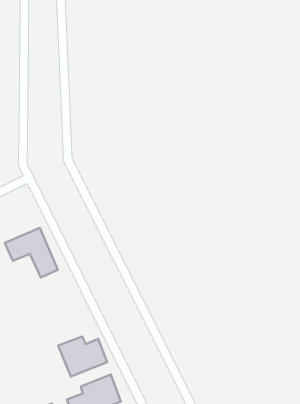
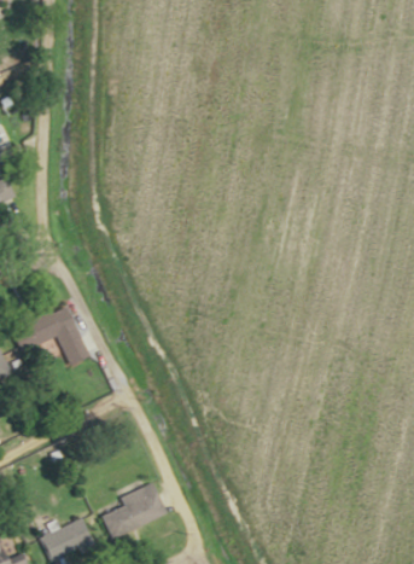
building: [58,336,107,376] -> none

